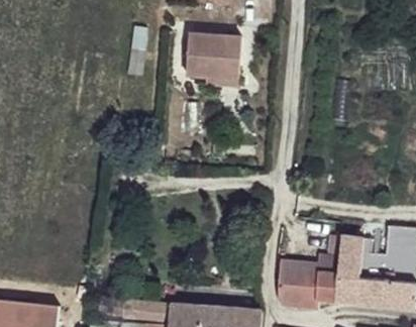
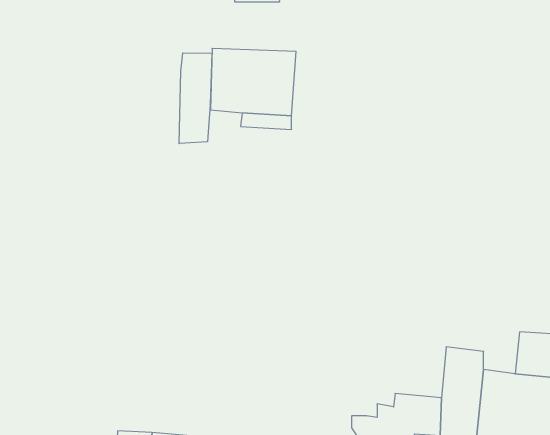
building: none -> [179,53,212,144]

